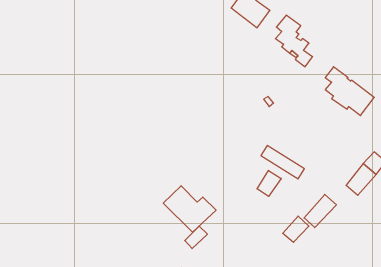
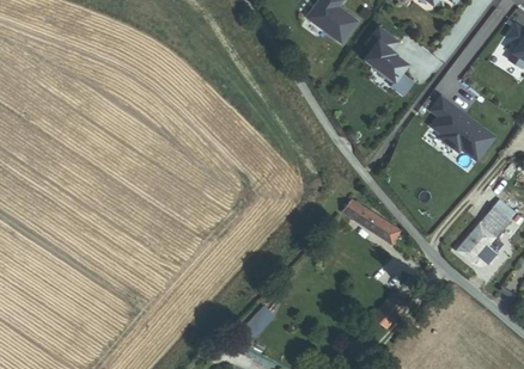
building: [257,170,281,196] -> none
building: [163,186,216,232] -> none
building: [304,194,336,228] -> none

